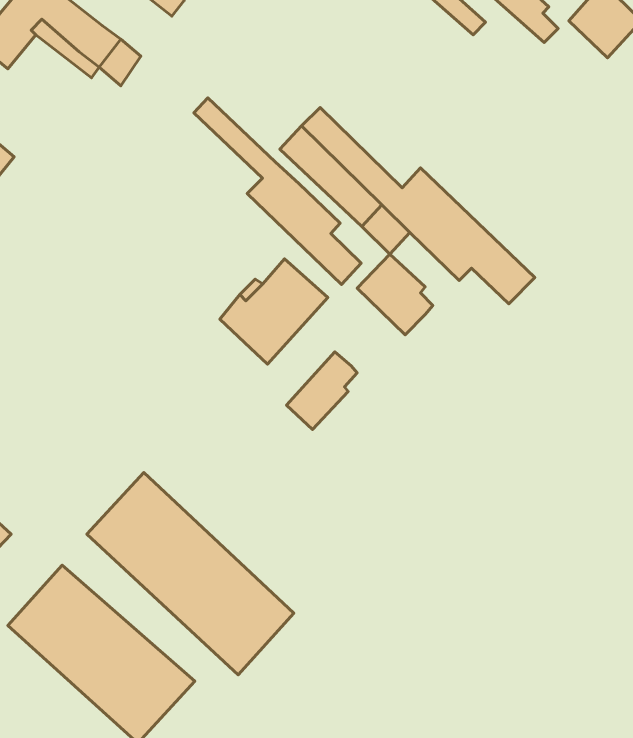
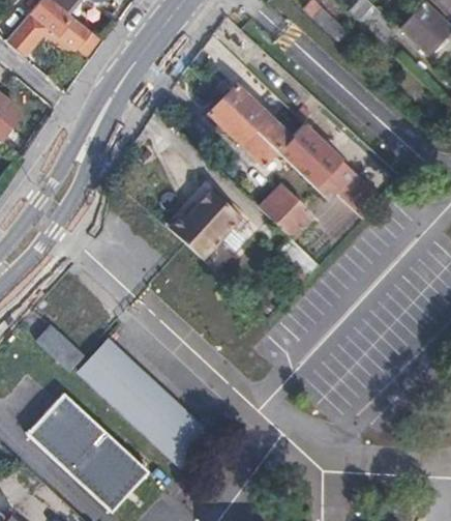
building: [194,98,361,285] -> none
building: [286,352,357,429] -> none
building: none -> [35,323,85,371]

